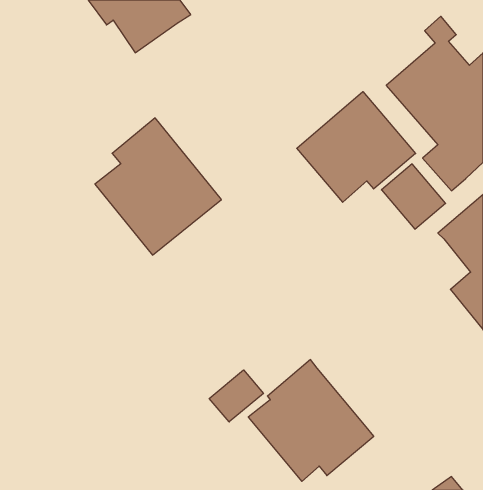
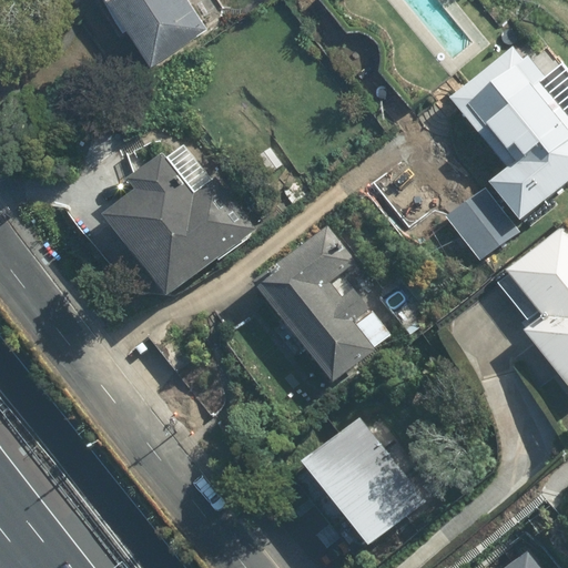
building: [297,92,416,202] -> none
building: none -> [254,232,378,383]
building: [209,370,263,422] -> none

